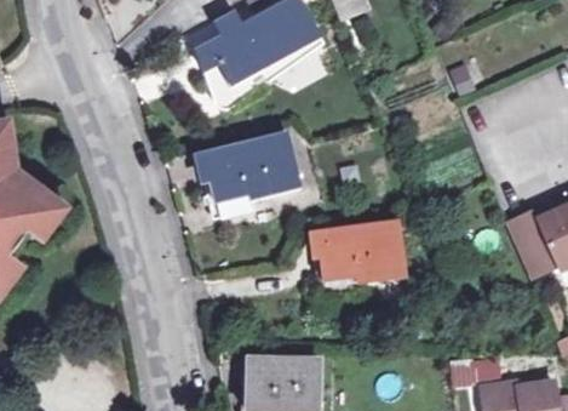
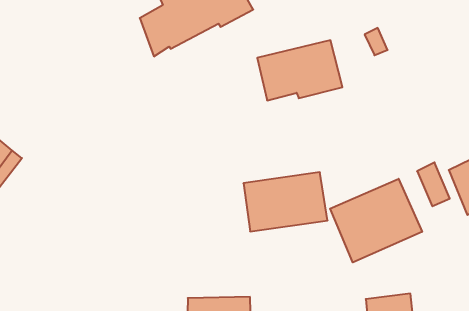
building: [206,135,300,201] -> [257,40,342,100]
building: none -> [330,179,422,262]

